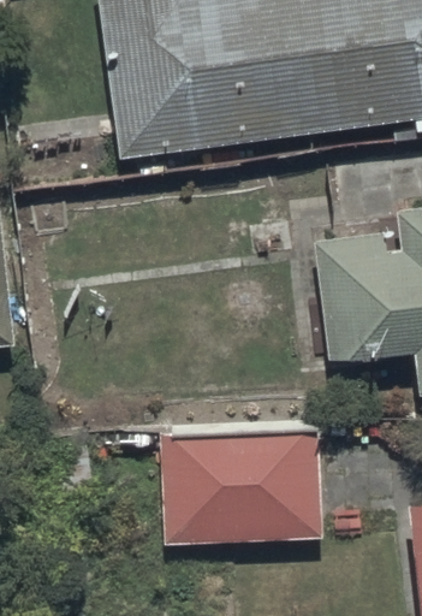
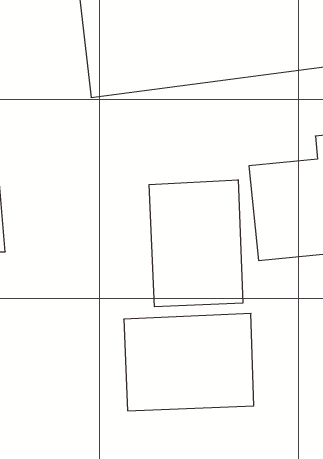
building: none -> [149,180,243,307]

